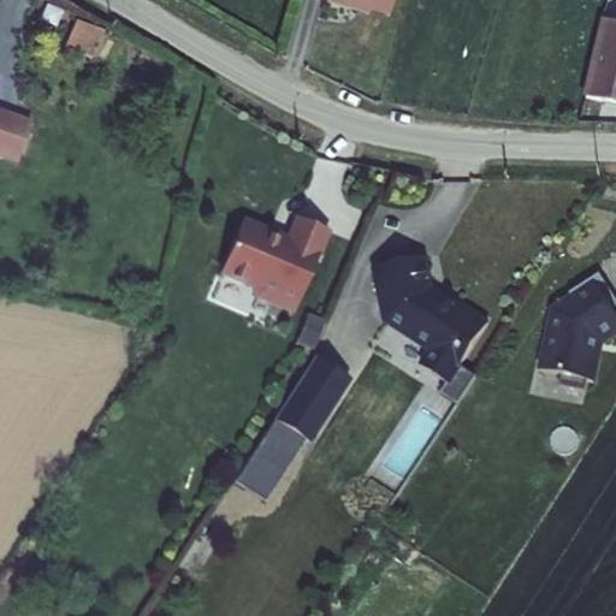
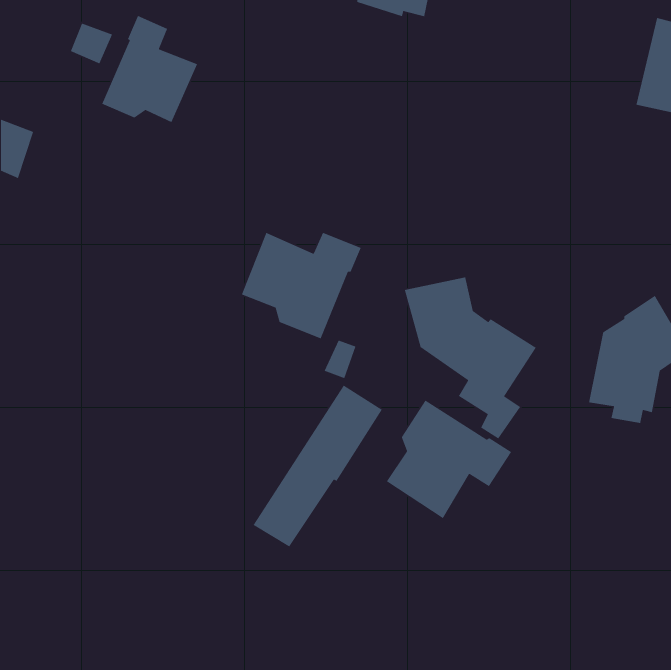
building: none -> [101,15,198,123]
building: none -> [386,399,512,519]

